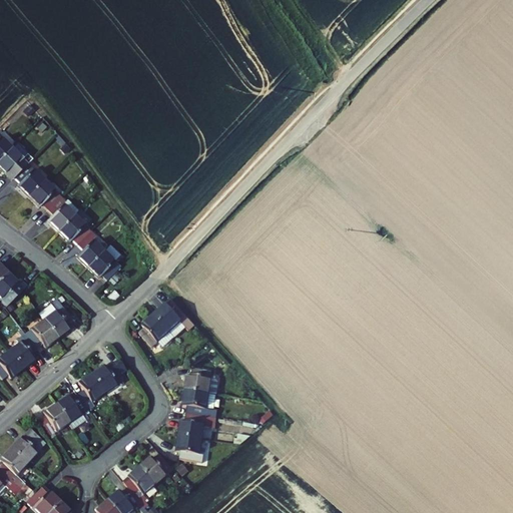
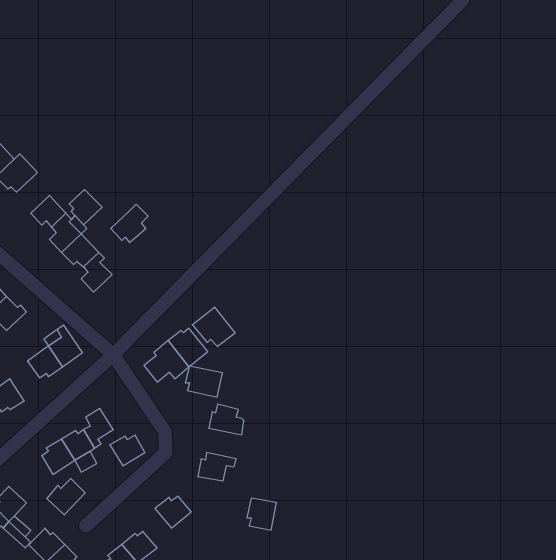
building: [15,163,45,195] -> [69,190,102,225]
building: [85,245,119,281] -> [111,204,148,243]
building: none -> [192,307,235,347]
building: [9,331,36,367] -> none
building: [91,365,123,393] -> [110,435,145,466]
building: [186,392,220,420] -> [185,366,223,397]
building: [8,427,43,460] -> [47,479,85,515]
building: [176,436,203,465] -> [247,498,277,530]
building: [125,465,156,501] -> none

